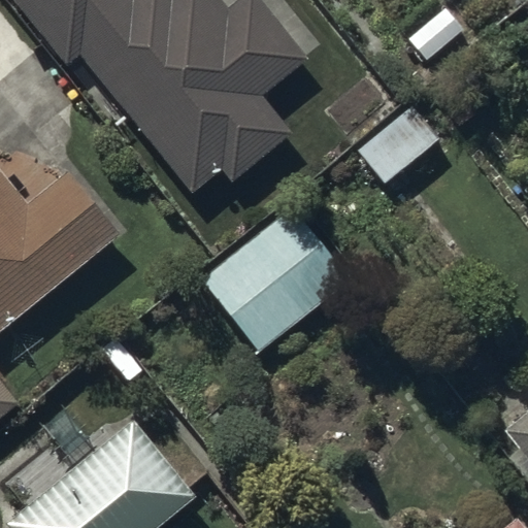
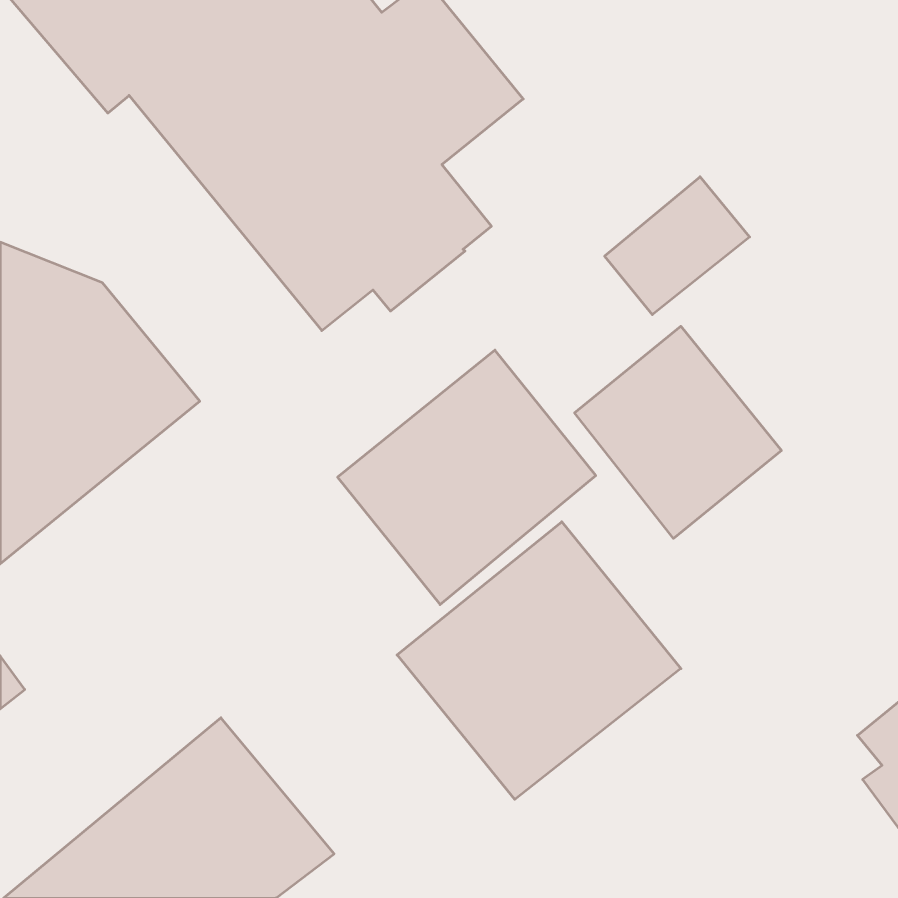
building: none -> [575,326,781,538]
building: none -> [397,522,681,799]

